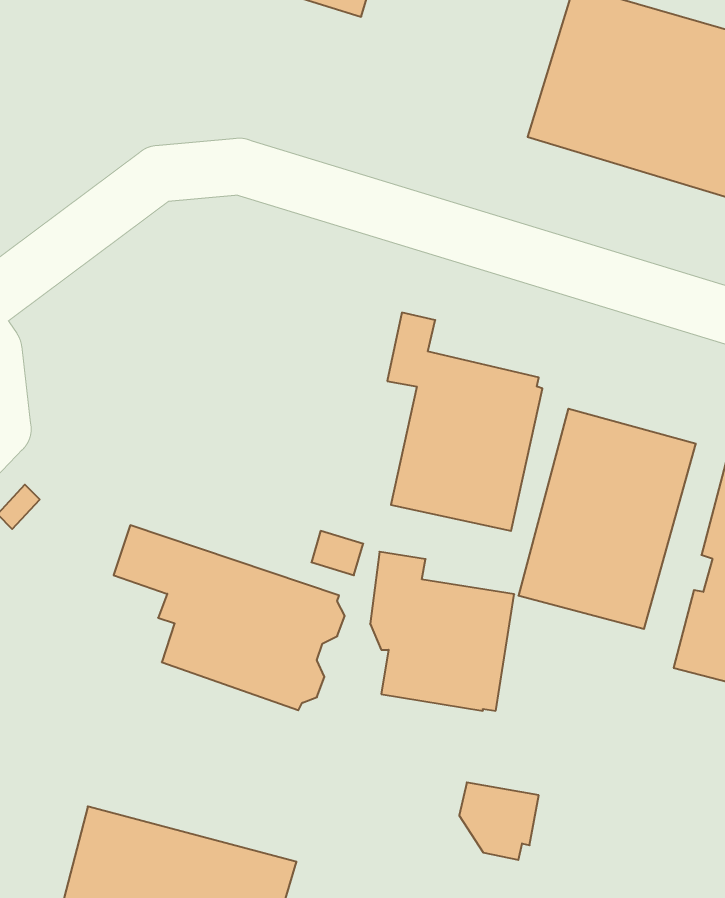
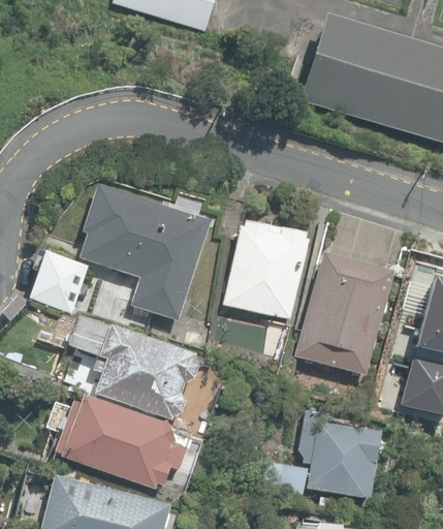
building: none -> [80,182,211,318]
building: none -> [30,251,87,311]
building: [370,552,514,711] -> [300,407,381,496]
building: none -> [56,396,186,488]

